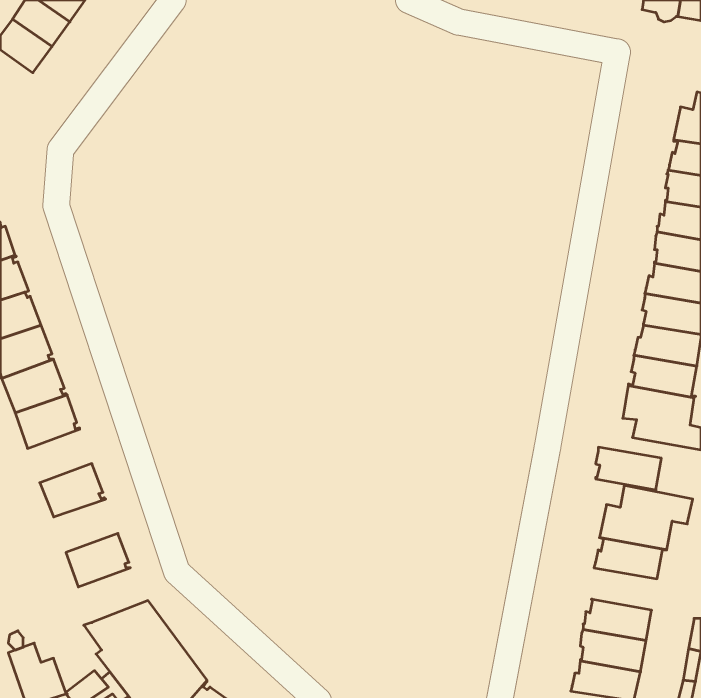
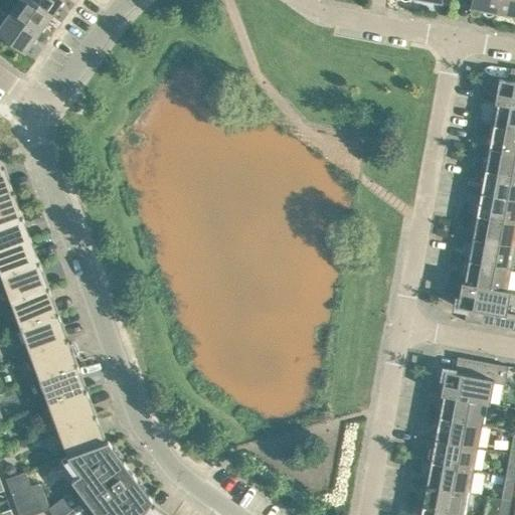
building: none -> [20,317,67,356]
building: [596,447,661,490] -> [434,418,482,450]
building: none -> [39,368,87,407]
building: none -> [57,418,109,459]

